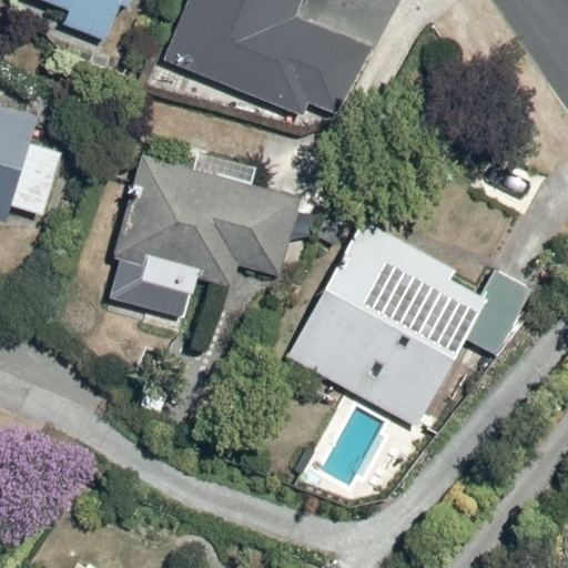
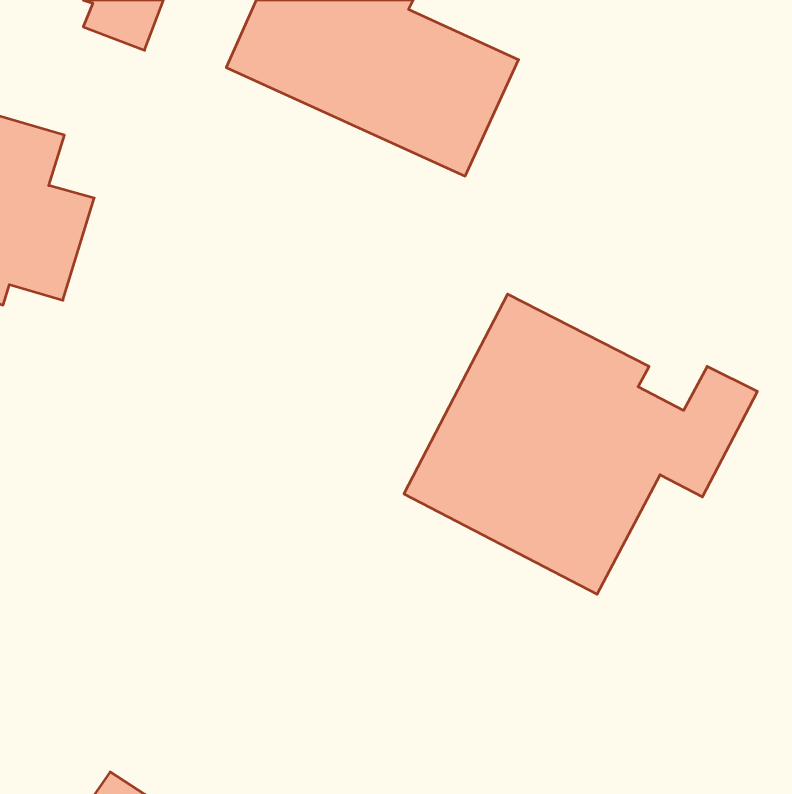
building: [105,151,304,322] -> none

